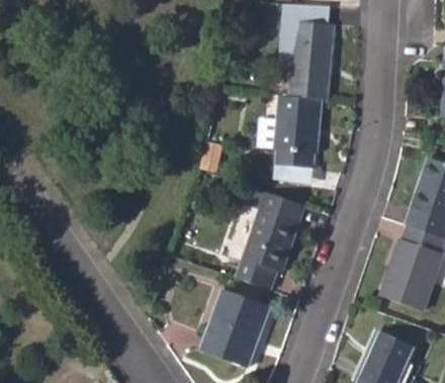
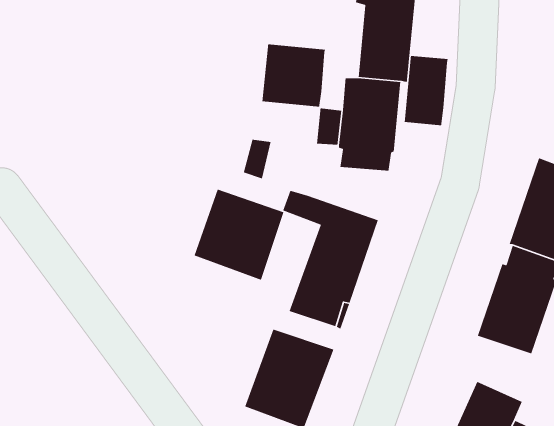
building: none -> [261,43,326,108]
building: none -> [404,55,448,126]
building: none -> [194,189,285,281]

